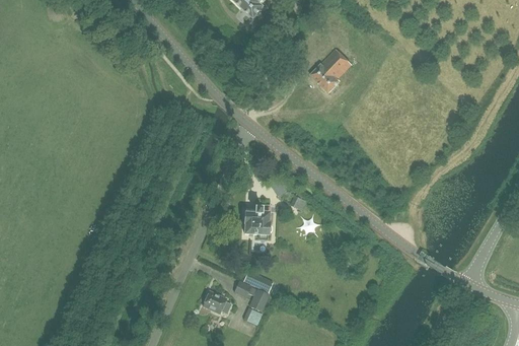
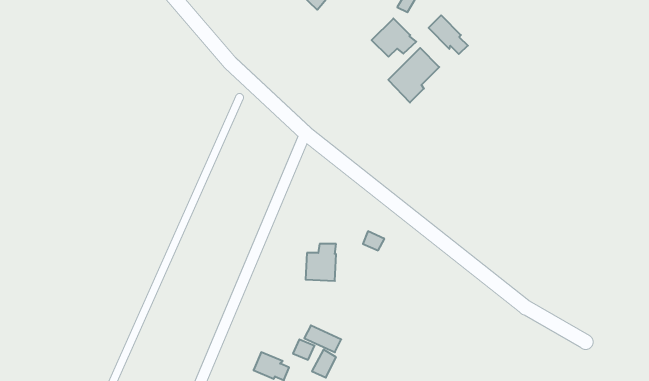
building: none -> [429,15,468,54]
building: none -> [372,18,416,57]

